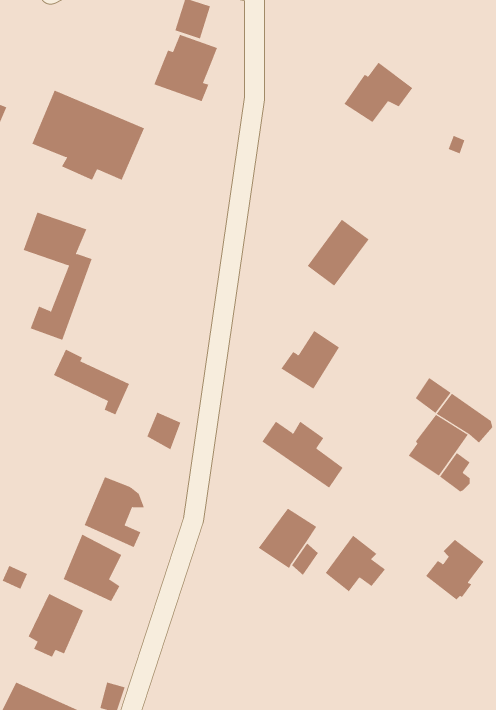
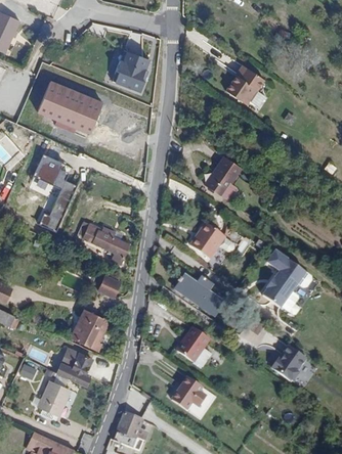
building: [53,349,130,415] -> [84,223,129,262]
building: [325,535,386,592] -> [170,376,206,410]
building: none -> [120,411,145,438]

